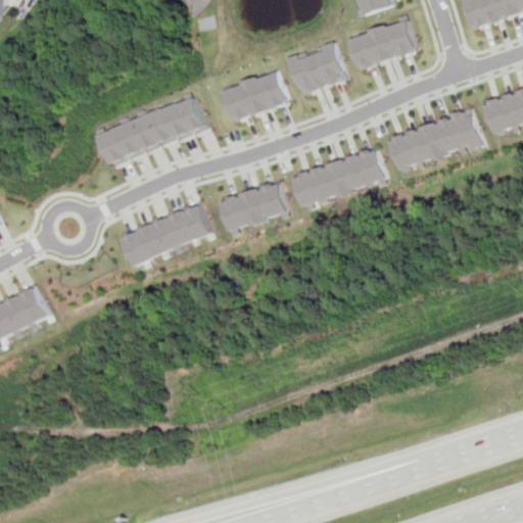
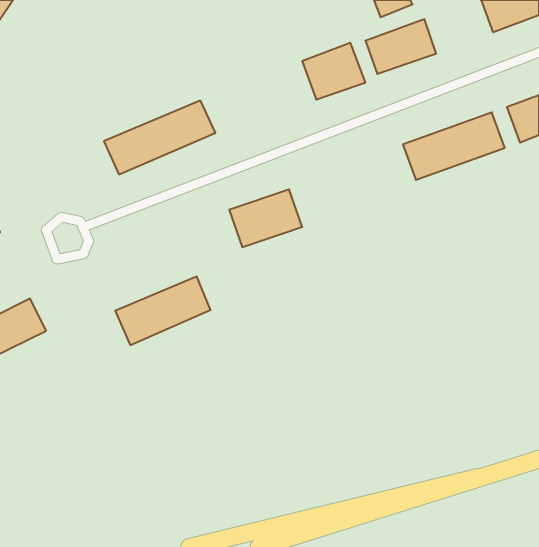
building: [221,72,287,123] -> none
building: [289,147,383,208] -> none
building: [121,202,211,268] -> [115,276,211,345]

